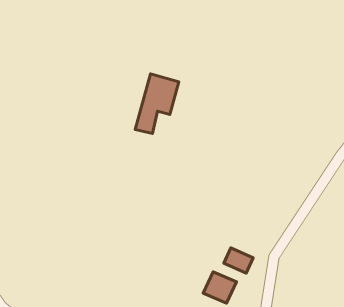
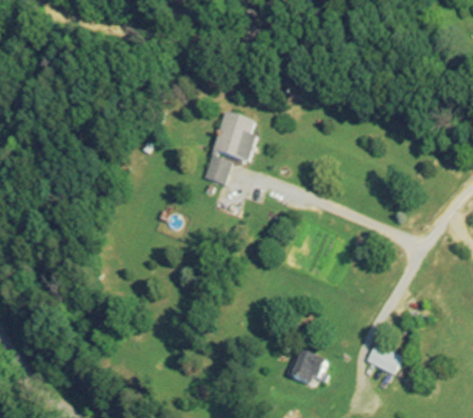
building: [224,248,253,273] -> [366,343,401,373]

